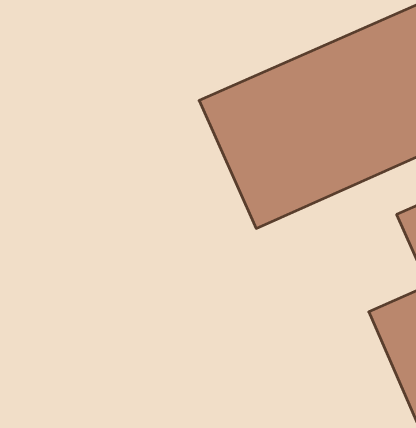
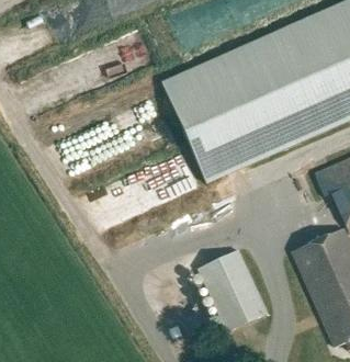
building: none -> [195,249,267,331]

